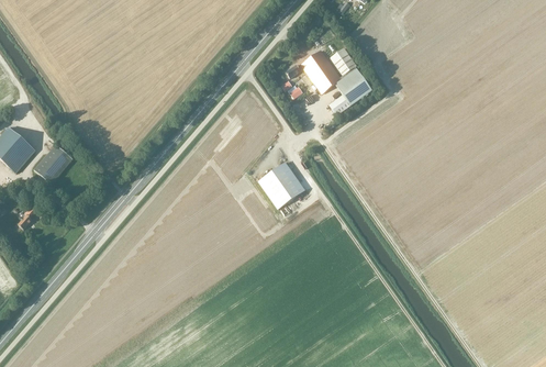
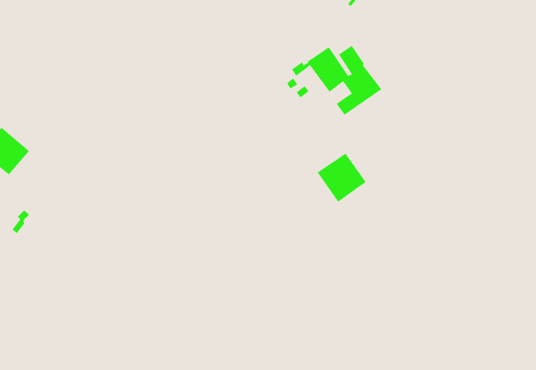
building: [34,144,74,185] -> none
building: [258,162,305,209] -> [317,153,366,202]

